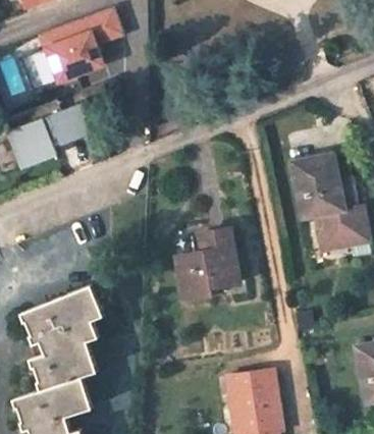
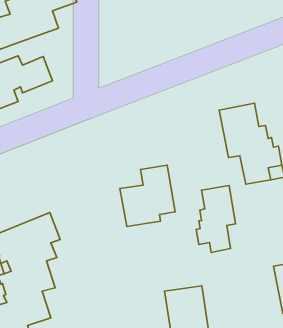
building: none -> [196,186,236,252]

